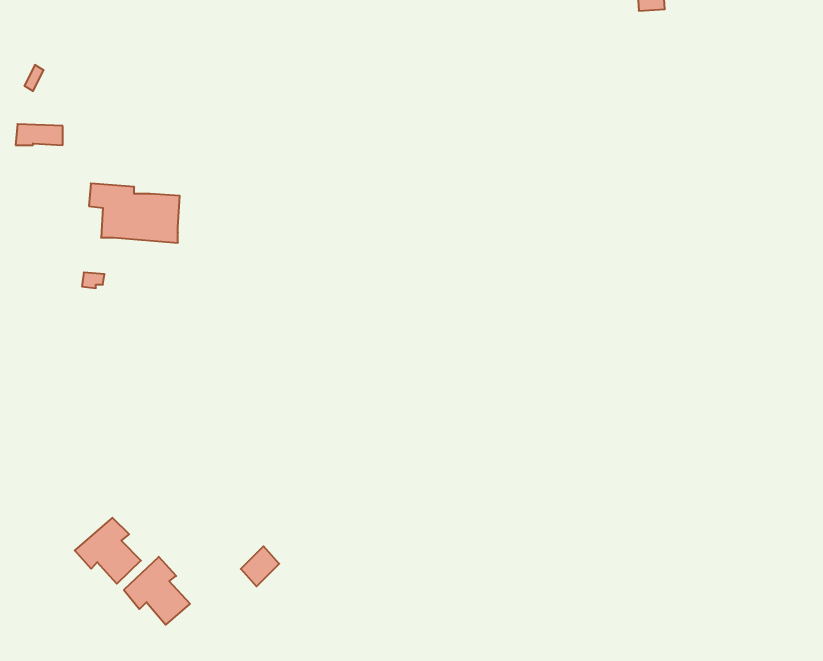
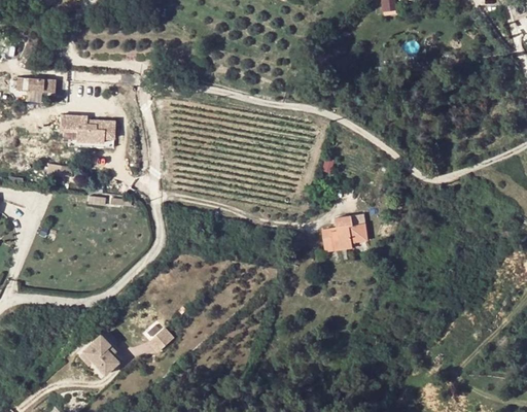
building: none -> [321,218,367,252]
building: [75,518,141,584] -> none

